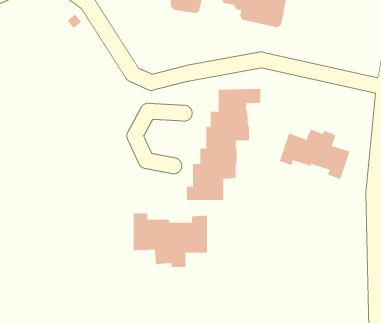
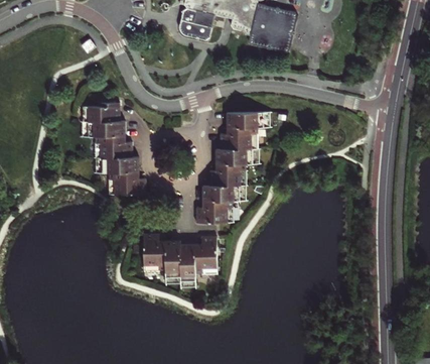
building: none -> [82,100,145,190]
building: [279,128,350,180] -> none

